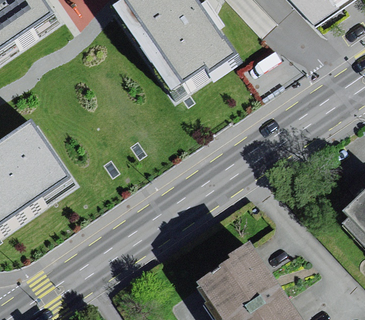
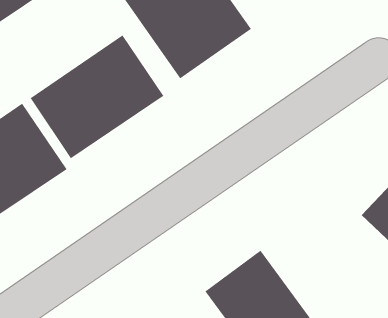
building: none -> [30,35,164,159]

